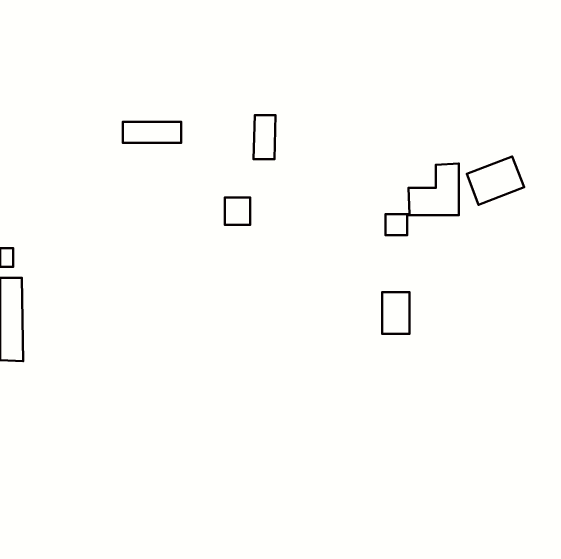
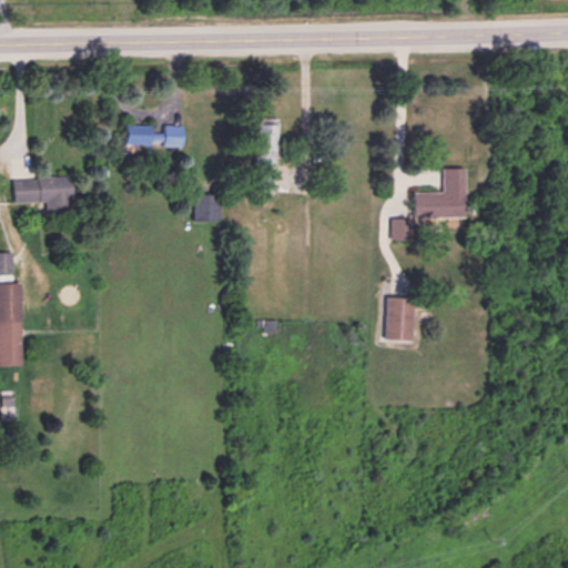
building: [467,156,524,205] -> none
building: none -> [14,176,73,214]
building: [225,197,250,225] -> [194,194,220,222]

